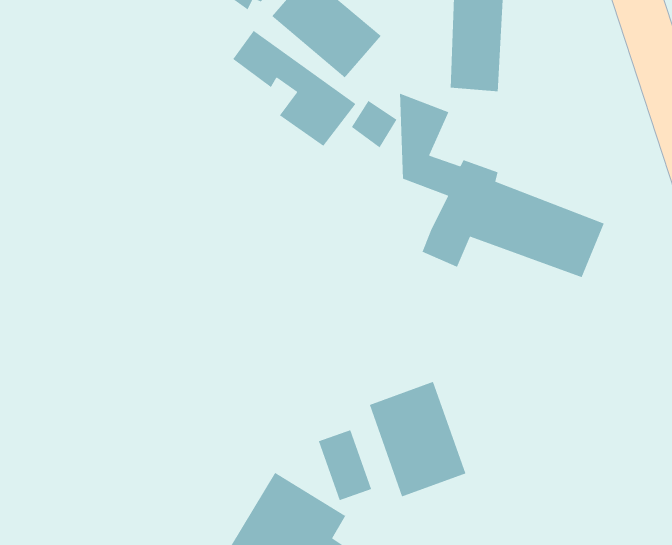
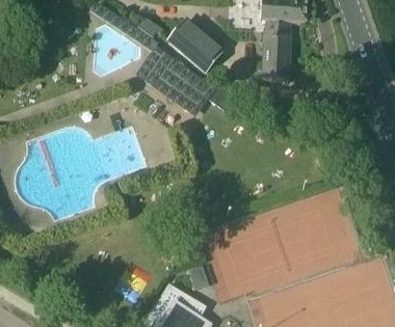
building: [399,92,605,278] -> none
building: [369,381,466,497] -> none

